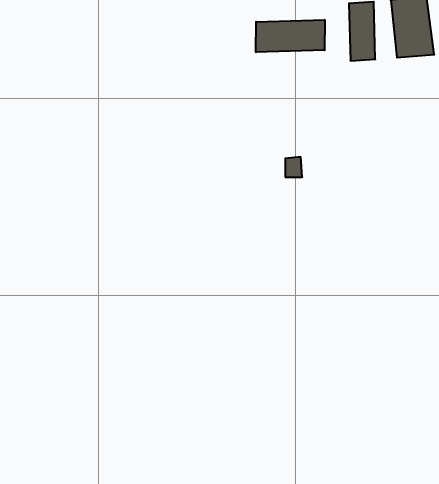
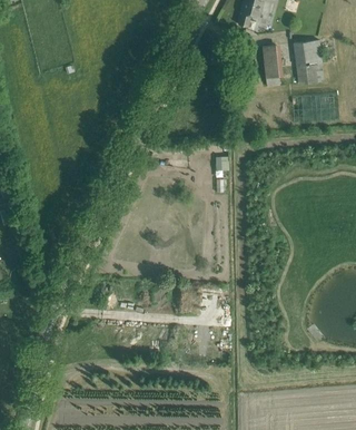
building: [256,20,325,52] -> none

